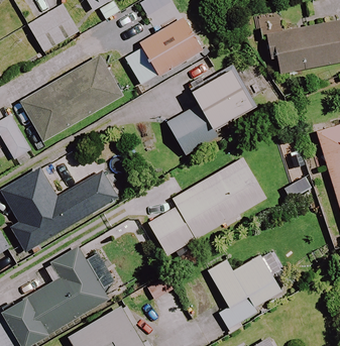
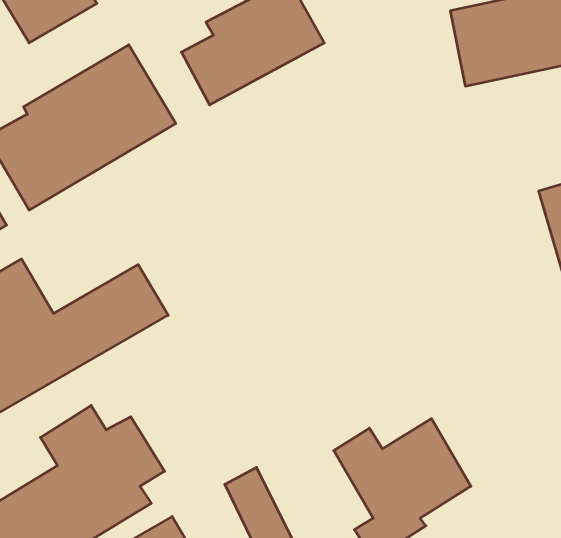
building: [168,67,253,155] -> none
building: [148,157,265,254] -> none

